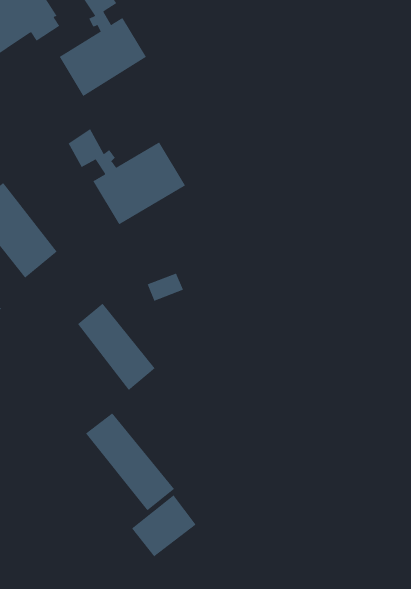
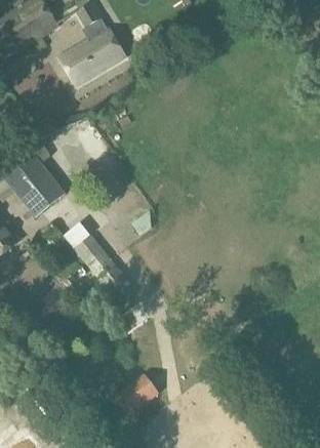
building: [68,128,186,225] -> none
building: [85,413,175,511] -> none

